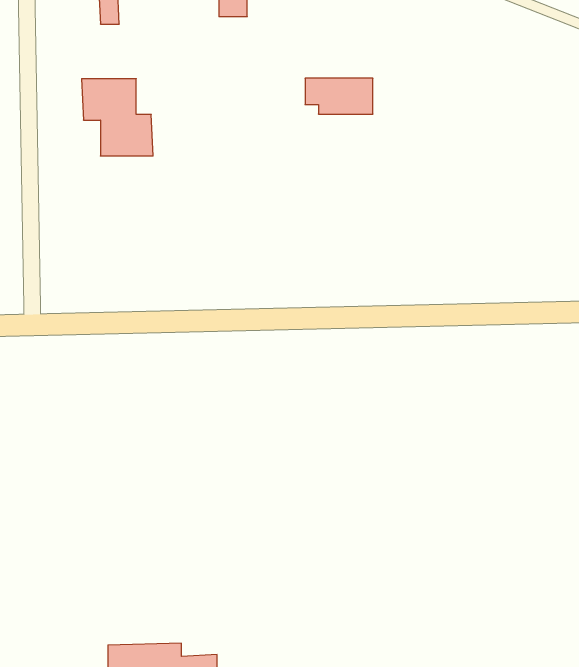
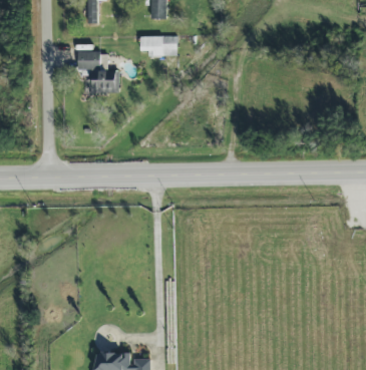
building: [305,78,373,114] -> [140,36,176,55]

